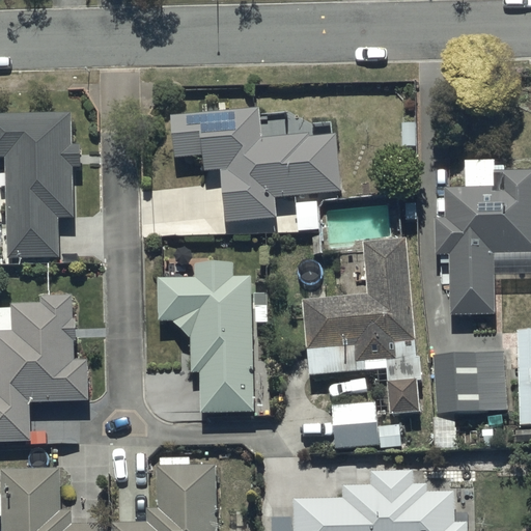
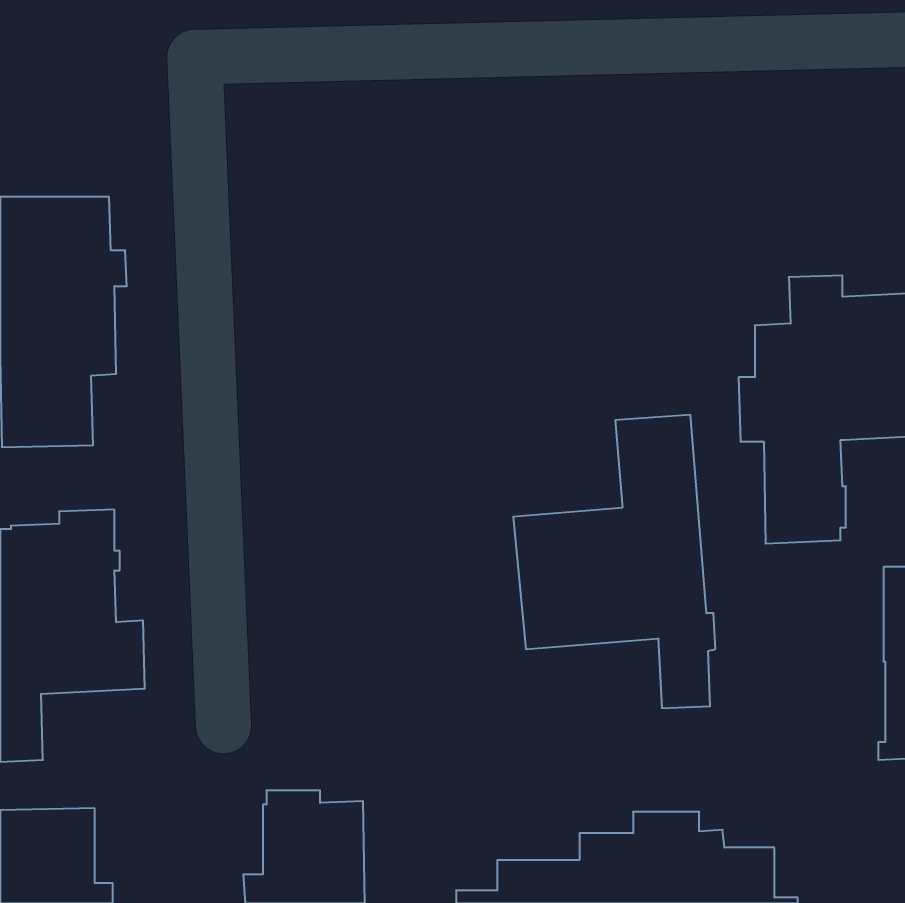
building: [170,96,340,223] -> none
building: [156,263,257,414] -> none
building: [431,352,508,414] -> none
building: [330,400,404,447] -> none

